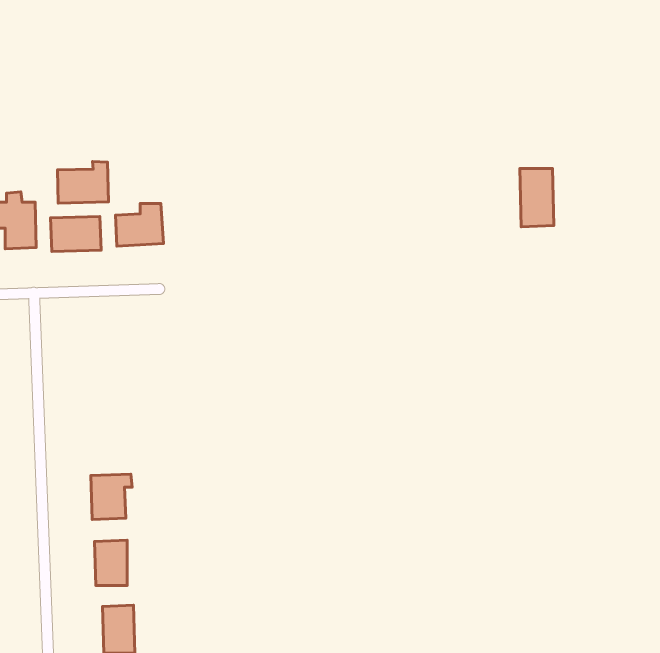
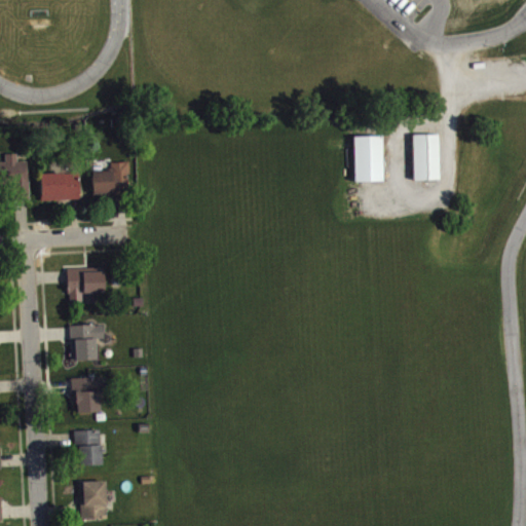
building: [58,162,109,203] -> none
building: none -> [353,136,382,181]
building: none -> [68,267,104,302]
building: none -> [70,324,104,360]

